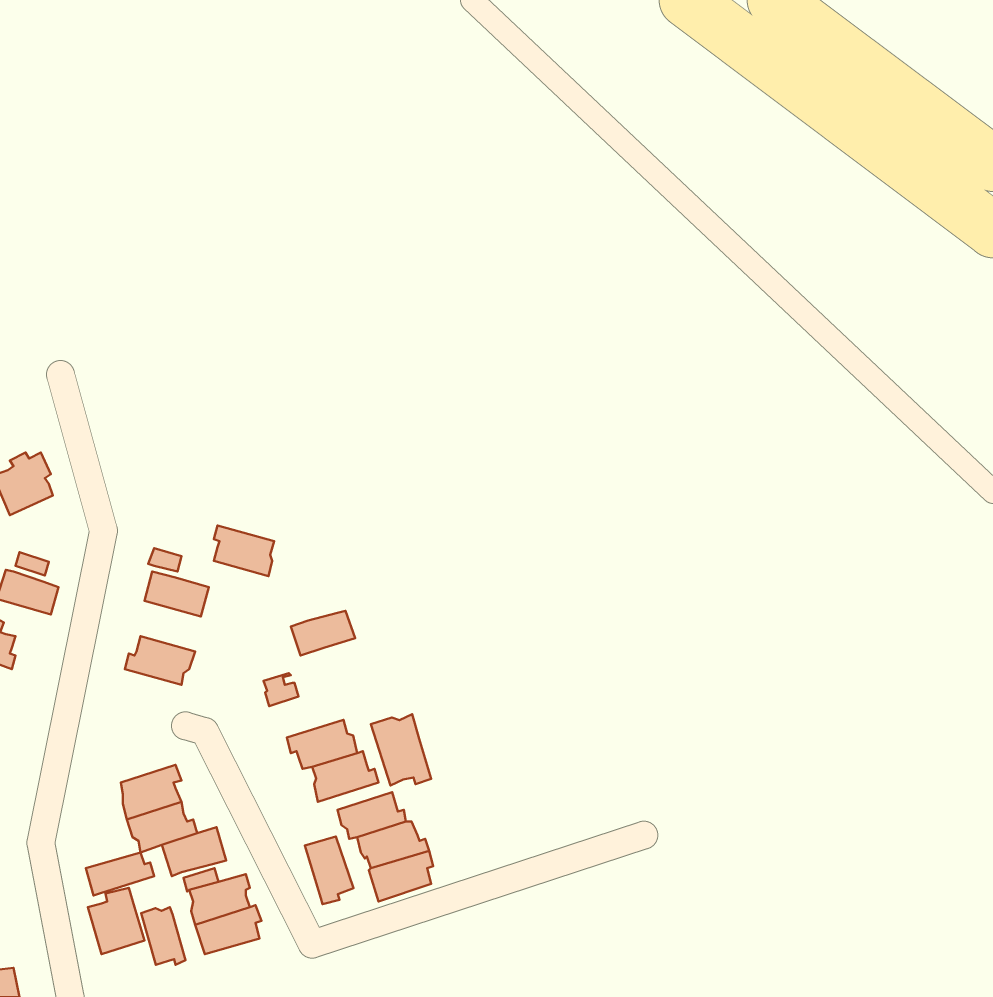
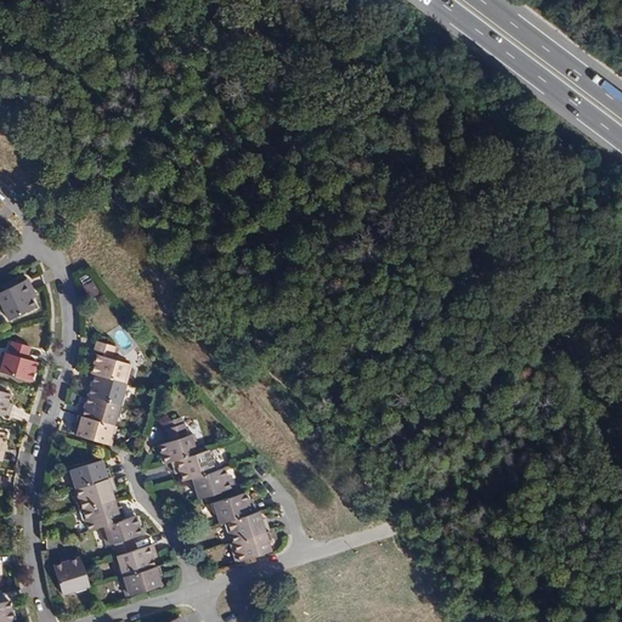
building: [214,526,274,576] -> [87,374,125,406]
building: [291,611,355,656] -> [158,436,198,464]
building: none -> [75,417,115,446]
building: [371,714,431,785] -> none
building: [305,837,354,904] -> none
building: [86,853,154,896] -> [67,462,109,488]
building: [141,907,186,965] -> none

